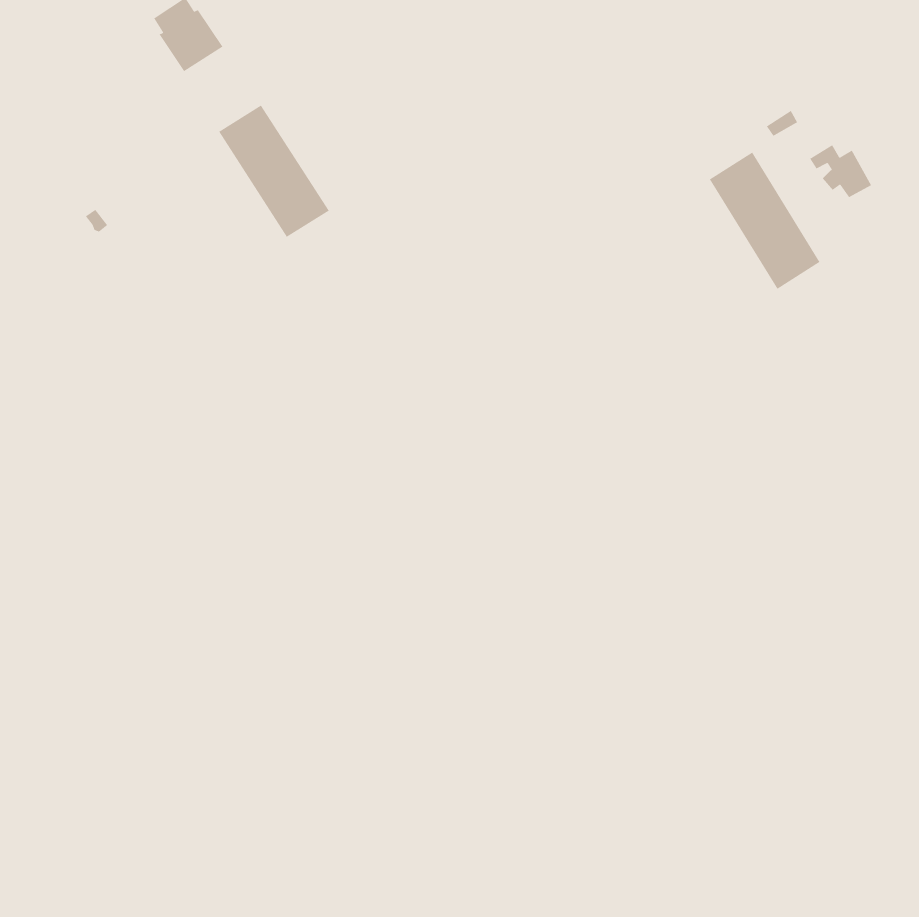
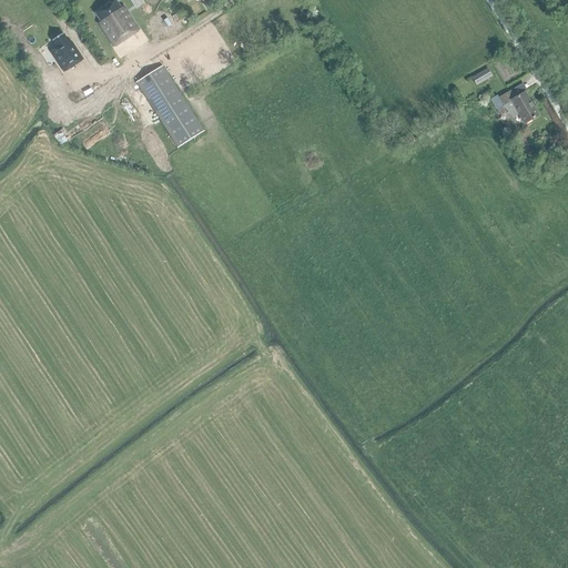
building: none -> [50,31,82,70]
building: [709,151,821,290] -> none

